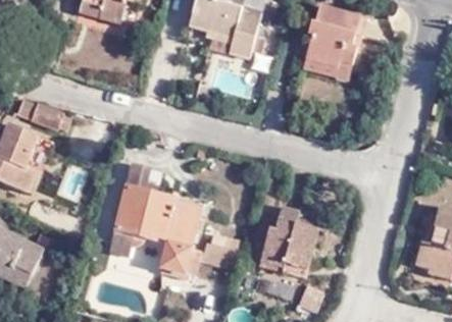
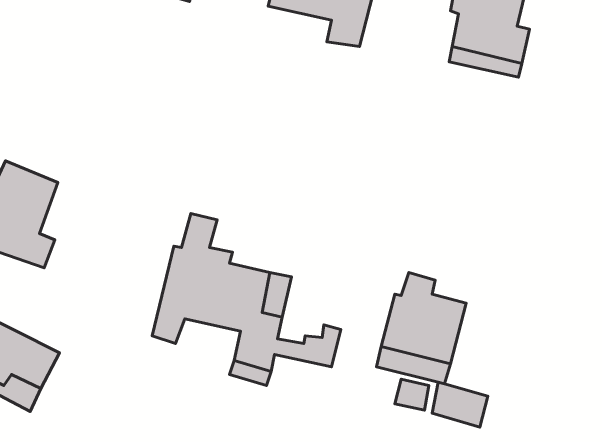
building: [17,103,73,130] -> none

